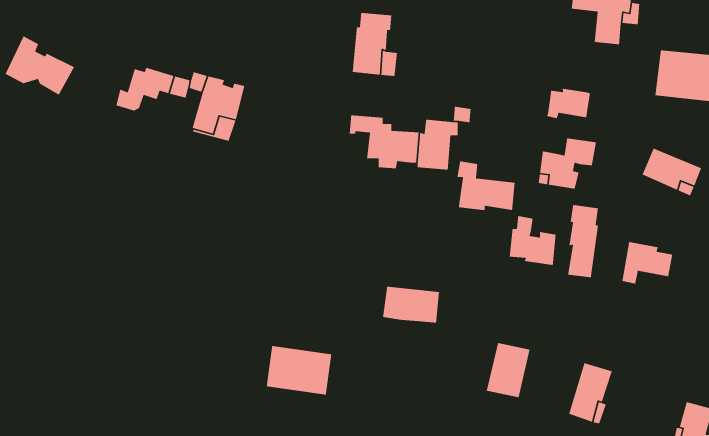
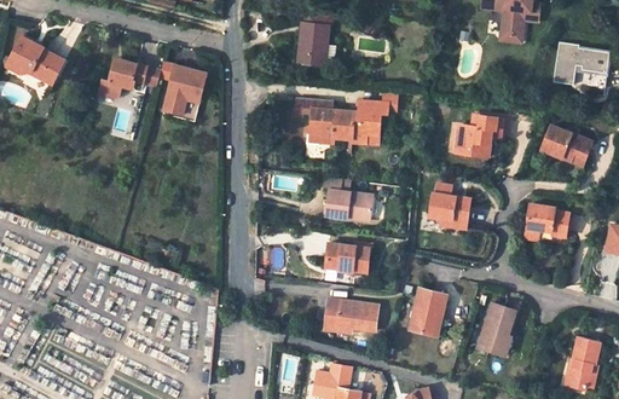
building: [546,88,591,119] -> none
building: [457,160,516,211] -> [322,177,371,219]
building: [567,204,599,278] -> none
building: [266,345,332,396] -> [322,296,377,339]

